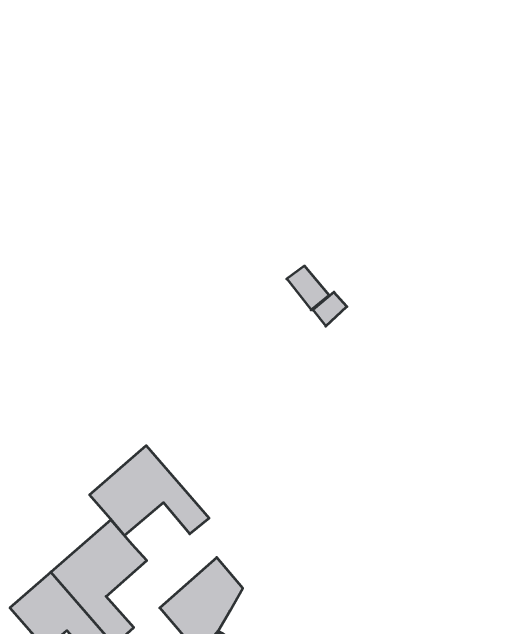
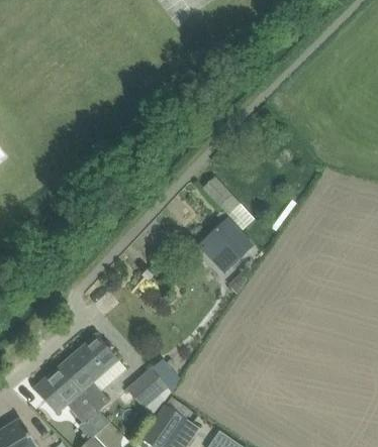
building: none -> [202,218,253,273]
building: [90,446,209,536] -> none

